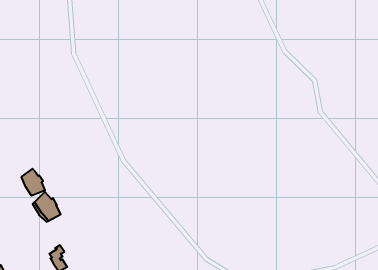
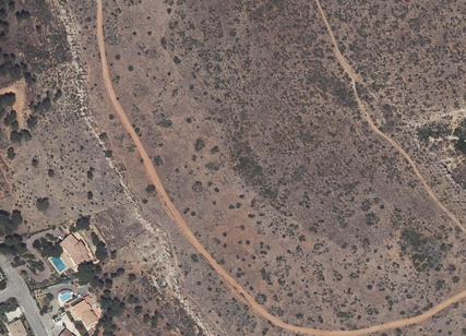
building: [22,169,45,196] -> none

